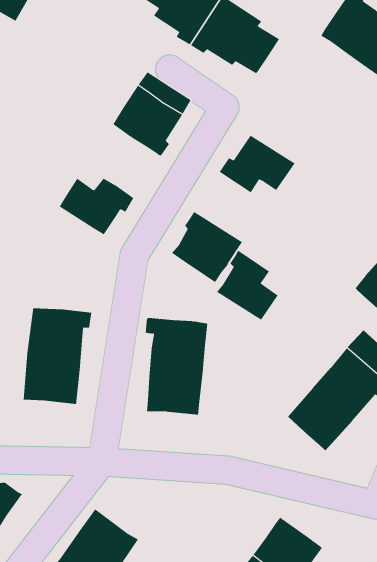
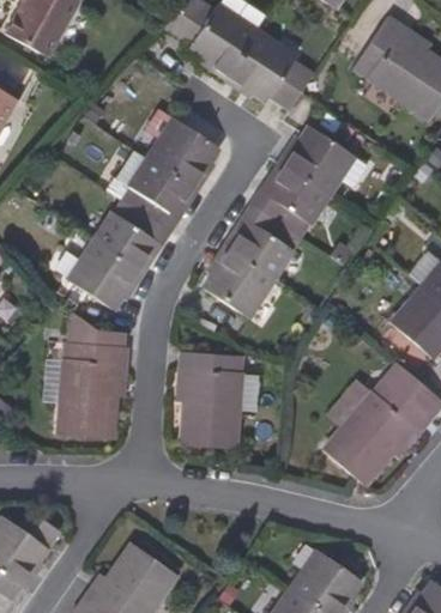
building: none -> [282,127,356,196]
building: none -> [129,157,192,231]
building: none -> [67,239,143,309]
building: [216,250,278,320] -> [232,205,295,275]
building: none -> [67,309,127,346]

